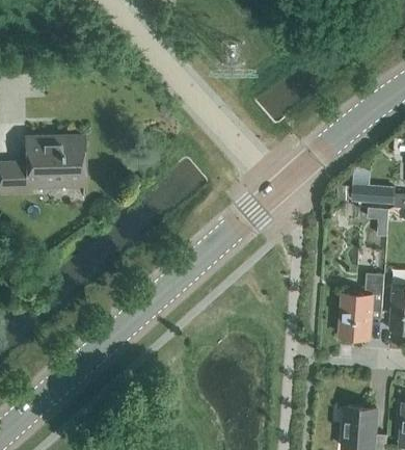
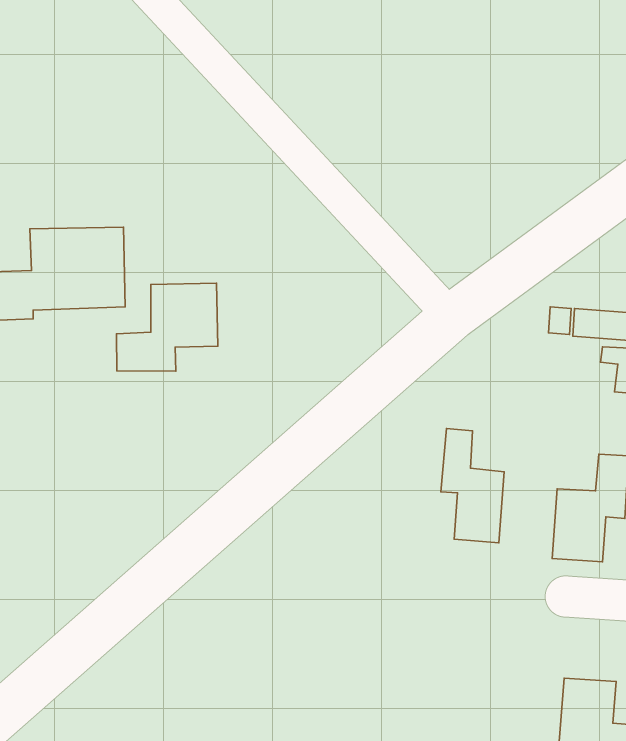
building: none -> [116,283,218,371]
building: none -> [441,428,504,543]

